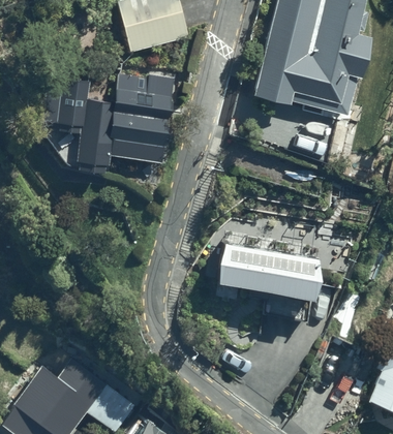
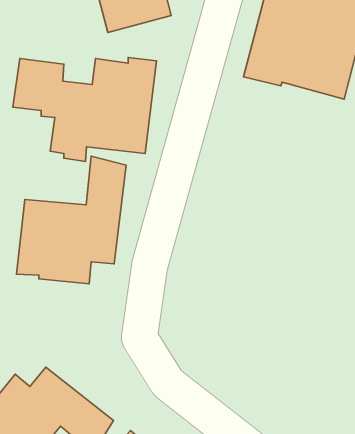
building: none -> [16,156,126,284]
building: [216,240,319,295] -> none

